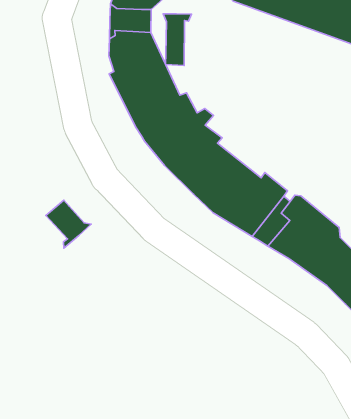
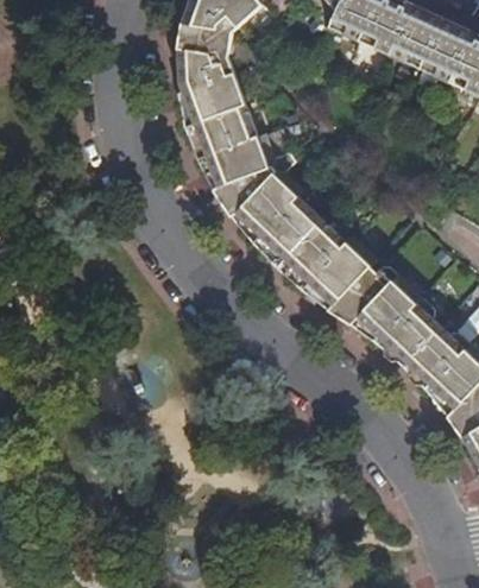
building: [163,14,192,66] -> none
building: [46,200,91,248] -> none

